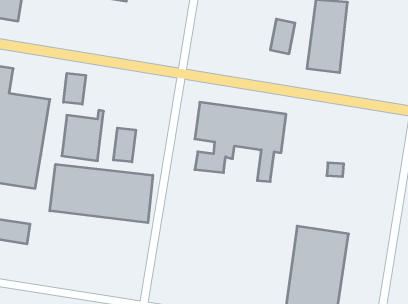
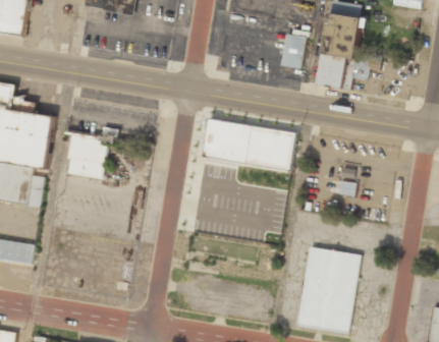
building: [63,73,86,104] -> none
building: [113,128,136,162] -> none
building: [50,164,153,223] -> none

